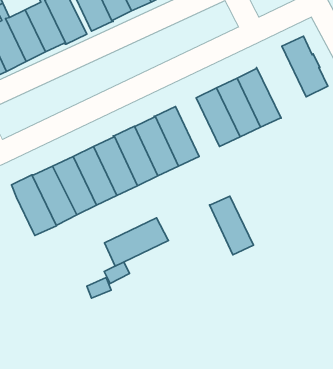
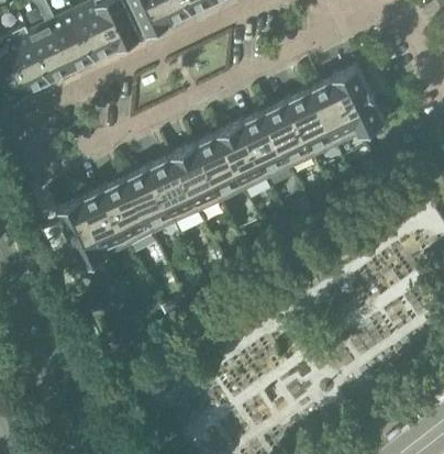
building: [282,36,328,97] -> [334,66,386,134]
building: [209,196,253,255] -> [243,111,292,177]
building: [104,218,169,266] -> none

